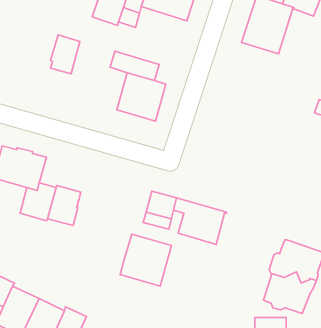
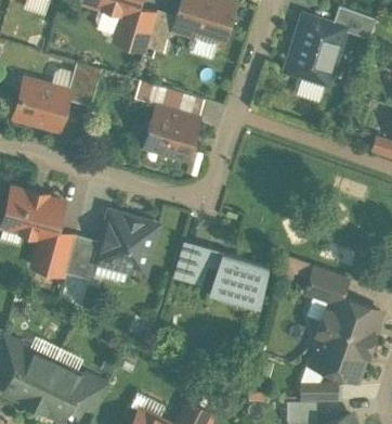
building: none -> [15,80,70,130]
building: none -> [306,267,349,304]
building: [120,234,171,286] -> [99,214,157,273]

